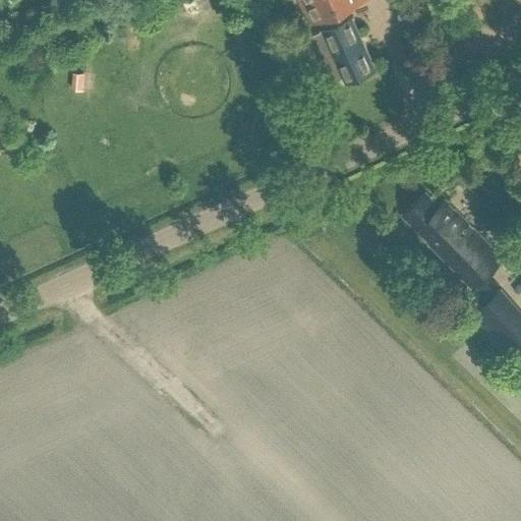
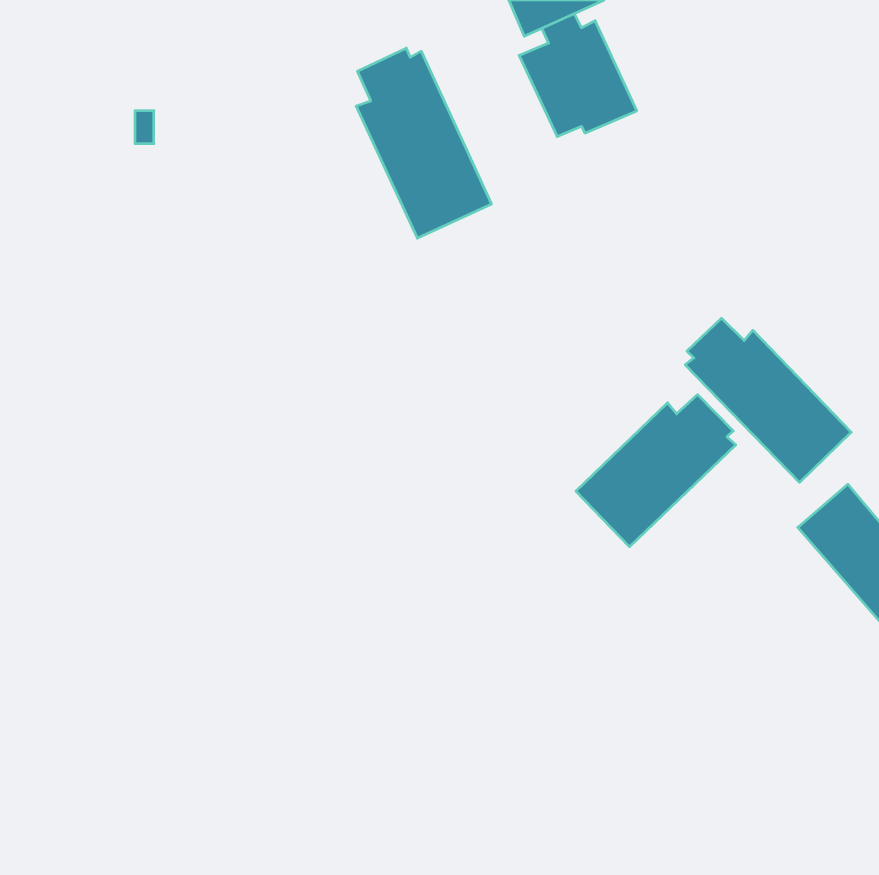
building: none -> [356,48,491,238]
building: none -> [576,395,736,547]

